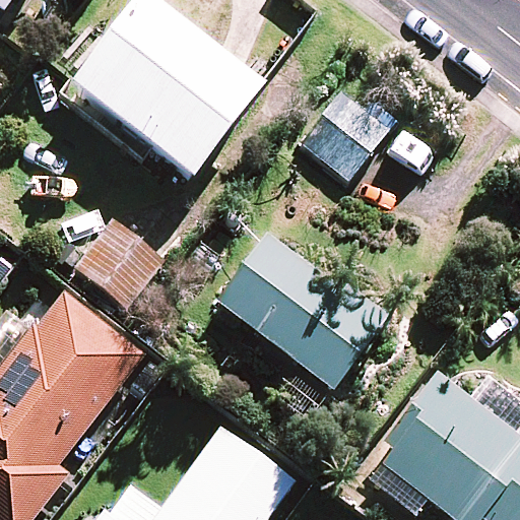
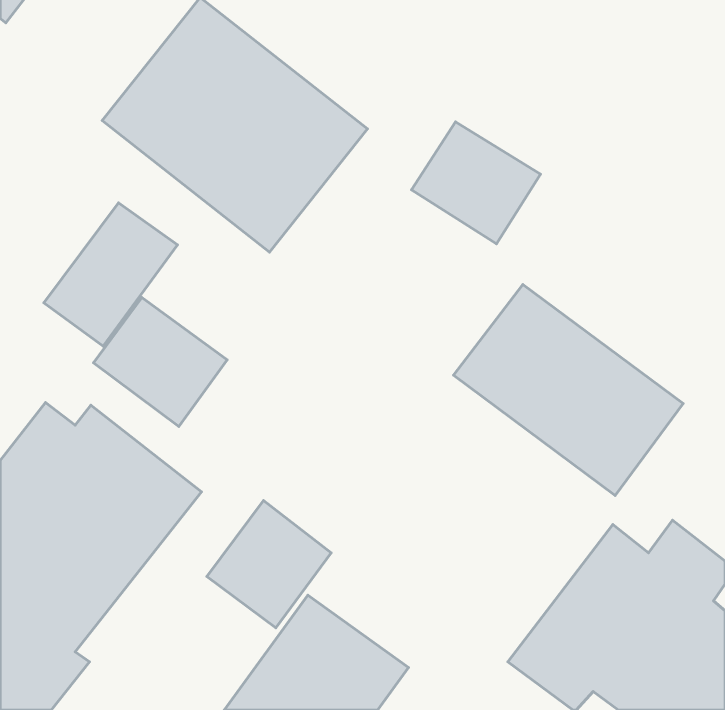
building: none -> [44,203,178,346]
building: [217,238,382,389] -> [453,284,683,496]
building: none -> [207,501,331,628]

